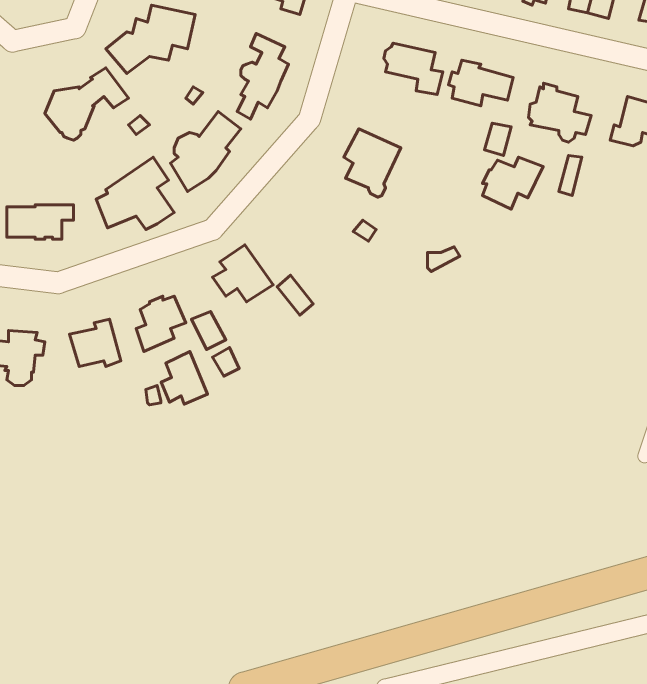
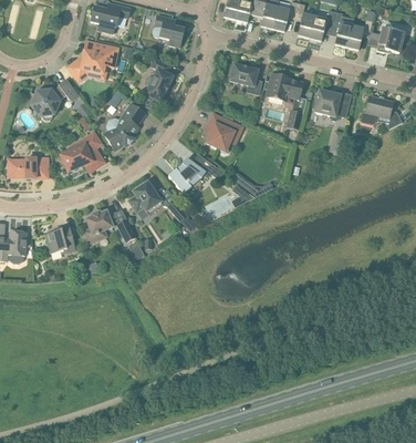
building: [482,157,543,209] -> none
building: none -> [166,157,208,195]
building: [161,352,208,404] -> none

